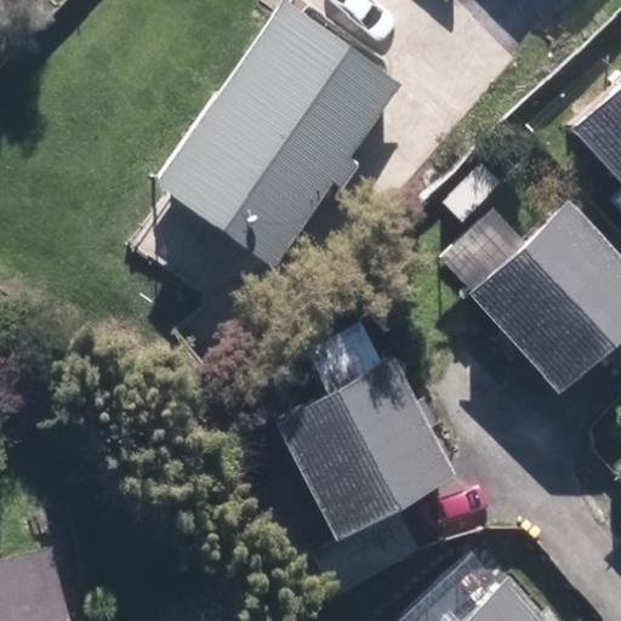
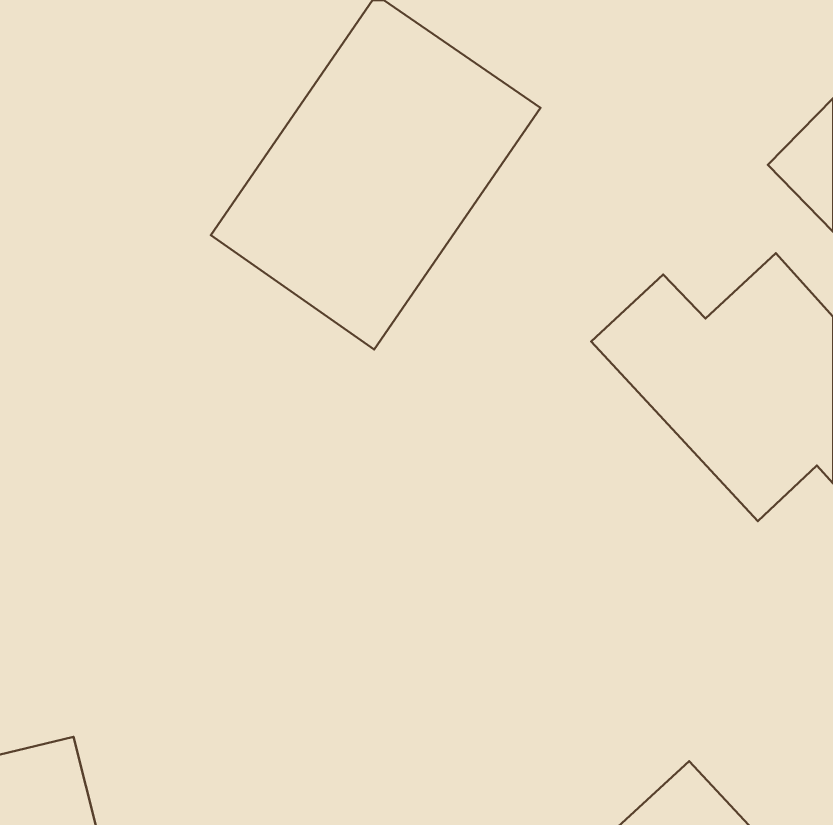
building: [273,357,456,542] -> none

